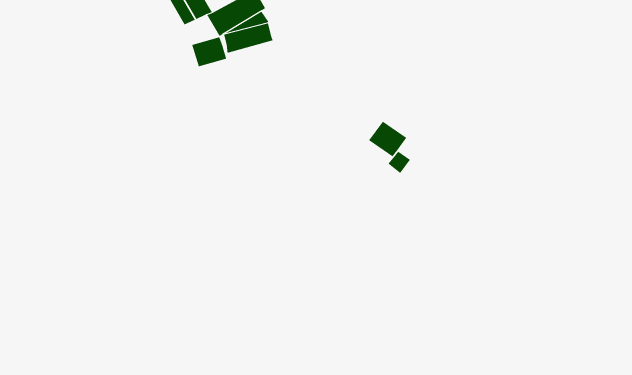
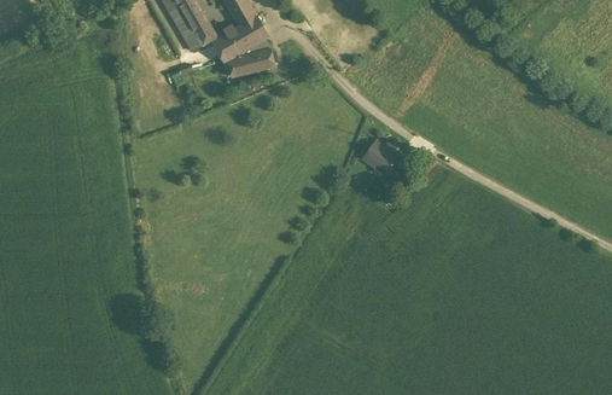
building: [192,37,227,67] -> none

